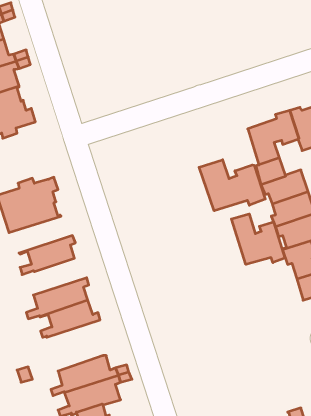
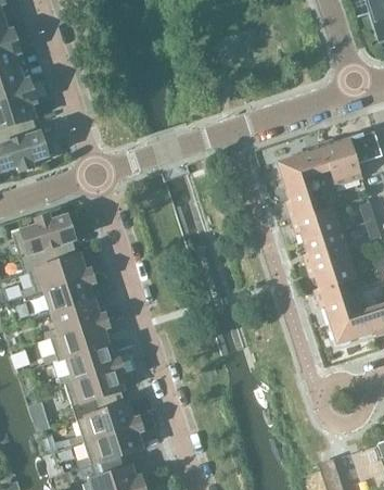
building: [199,160,265,211] -> none
building: [231,214,285,264] -> none
building: none -> [22,254,92,297]
building: none -> [44,299,107,338]
building: none -> [65,364,125,418]

